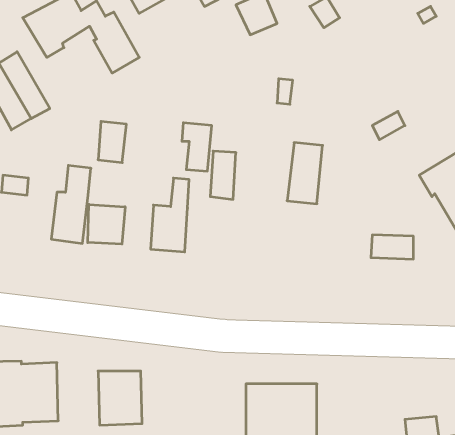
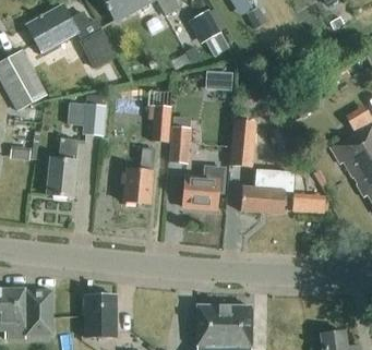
building: none -> [183,165,227,208]
building: [88,204,125,244] -> none
building: none -> [241,168,293,214]

